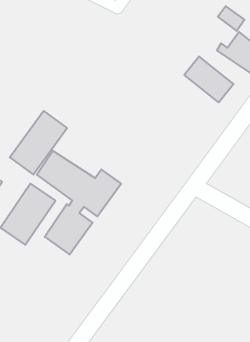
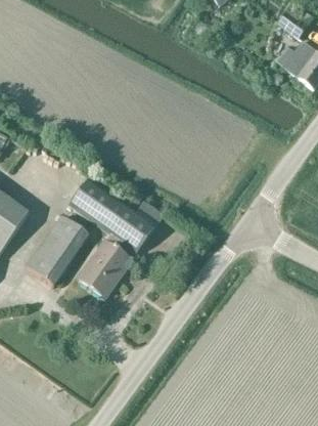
building: [184,56,234,102] -> none
building: [10,111,67,175] -> none

